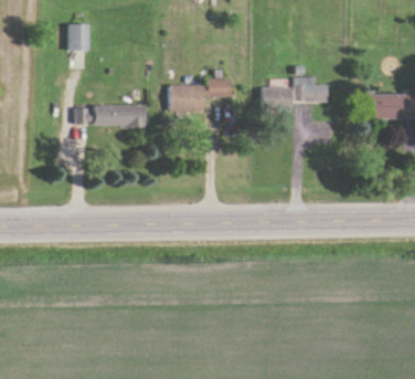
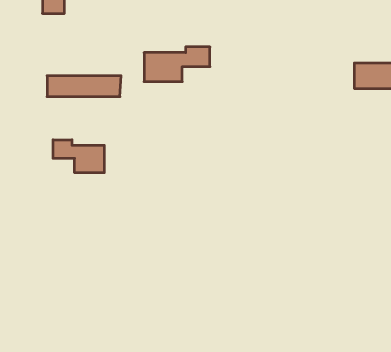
building: [260,75,327,108] -> none
building: none -> [53,140,104,173]

